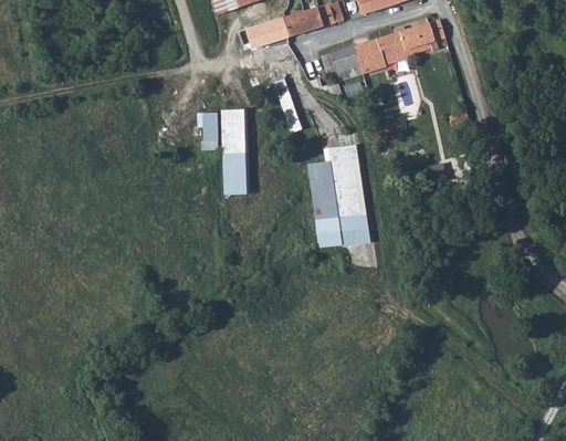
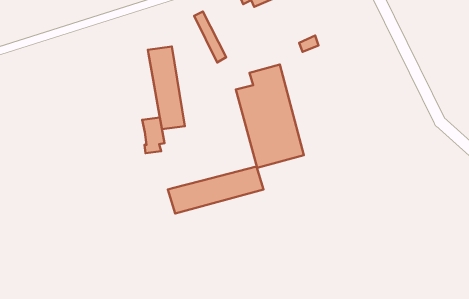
building: [200,114,221,149] -> [142,118,164,153]
building: none -> [168,167,264,213]

